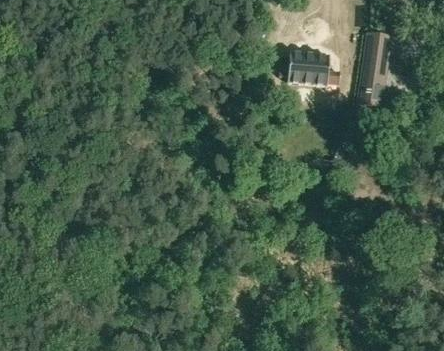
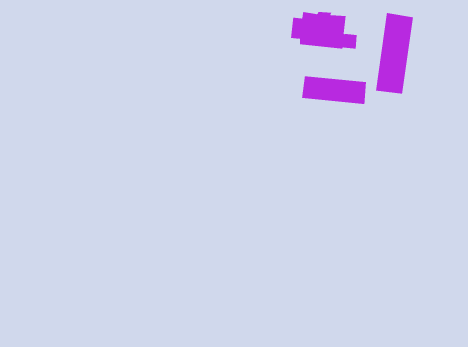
building: none -> [302,75,367,105]

